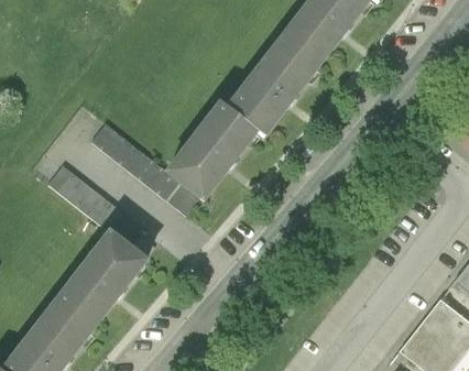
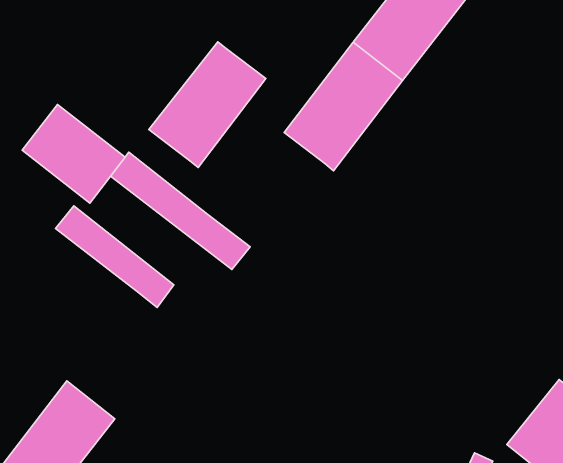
building: none -> [22,104,125,203]
building: [165,102,257,200] -> [149,42,266,167]
building: [55,230,146,330] -> none

